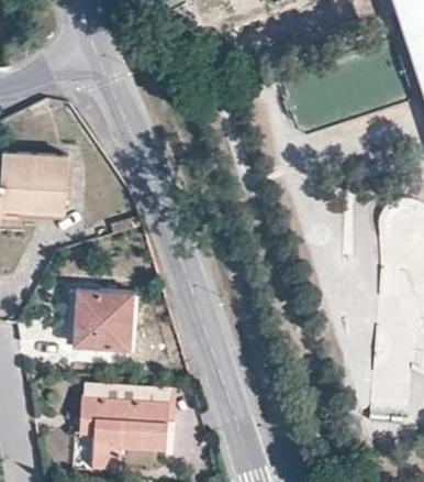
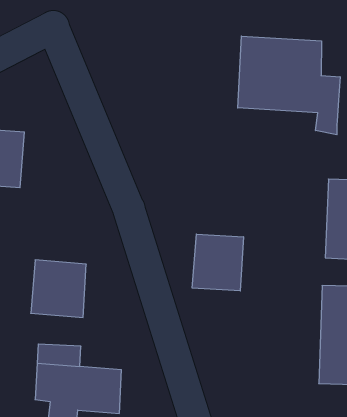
building: none -> [238,36,340,135]
building: none -> [192,234,243,291]

